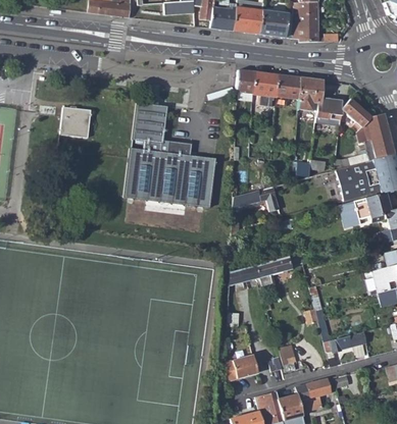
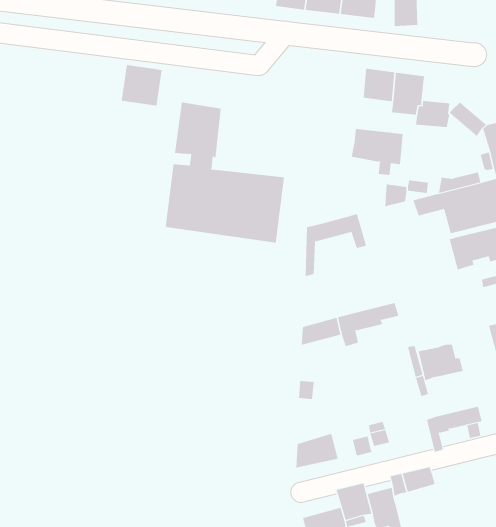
building: [239,71,279,107] -> [351,128,403,176]
building: [62,107,94,139] -> [121,65,163,106]
building: none -> [418,344,463,381]

